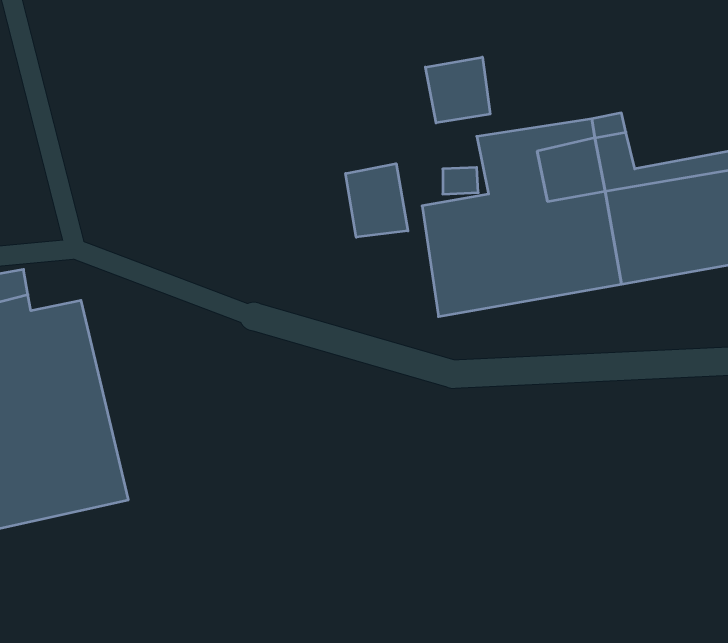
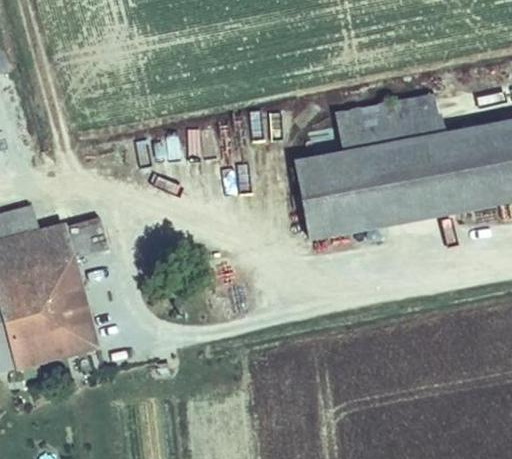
building: [425,57,490,123] -> none
building: [346,164,408,237] -> none

